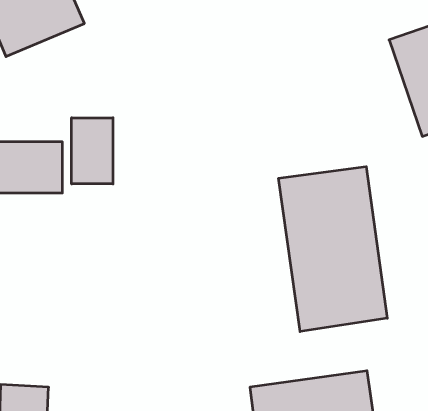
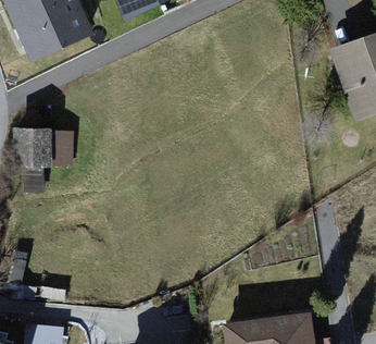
building: [72,118,113,184] -> none
building: [279,167,387,332] -> none

